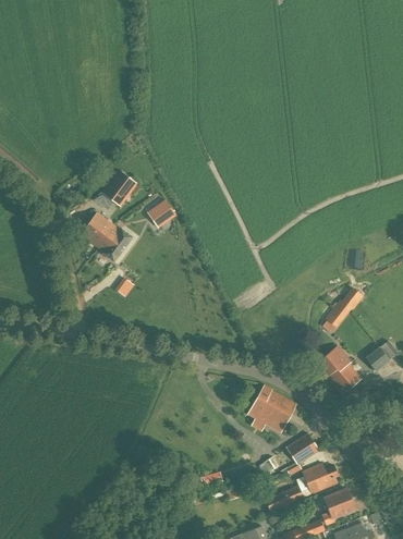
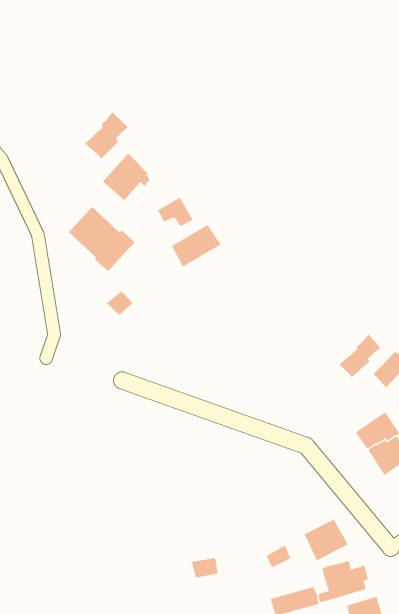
building: none -> [85,112,129,160]
building: none -> [171,224,221,267]
building: none -> [339,334,381,378]
building: [248,385,296,432] -> none

